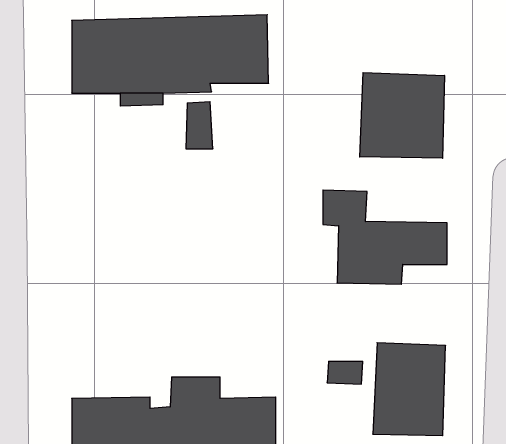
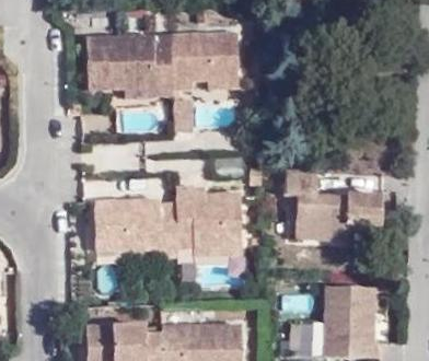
building: [360,73,444,158] -> none
building: none -> [98,187,247,260]

